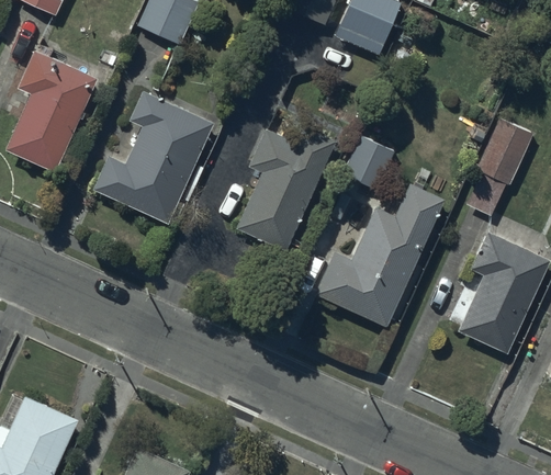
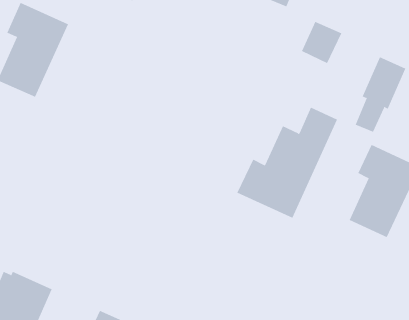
building: [92,90,214,224] -> none
building: [236,127,335,251] -> none
building: [342,136,395,191] -> [301,21,342,64]

